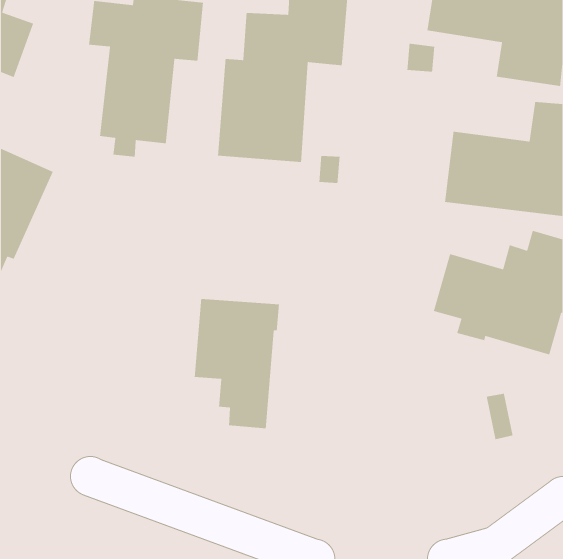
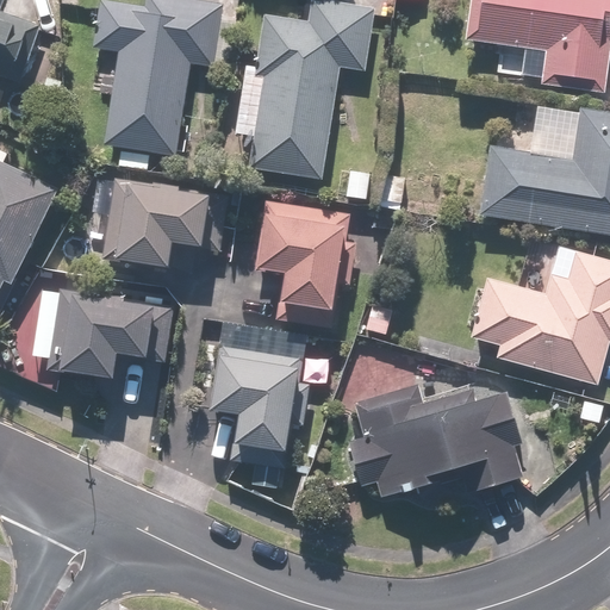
building: none -> [104,175,232,266]
building: none -> [257,199,350,329]
building: none -> [38,288,150,376]
building: none -> [348,380,527,502]

